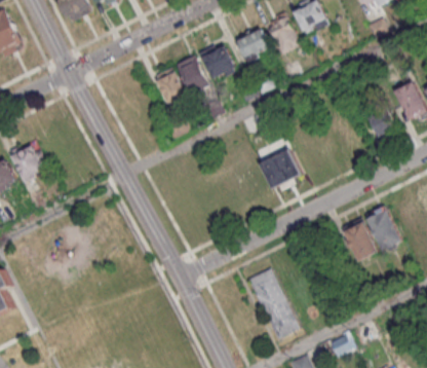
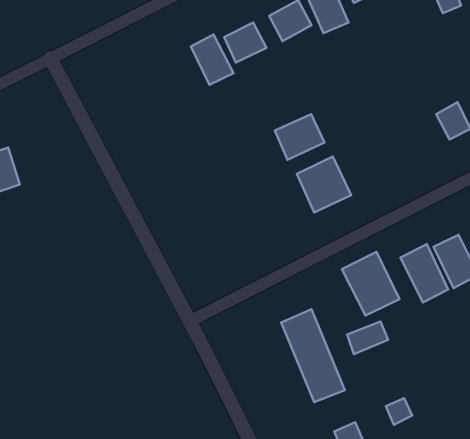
building: [155,67,187,103] -> none
building: none -> [275,114,324,160]
building: none -> [342,252,400,315]
building: none -> [347,321,388,354]

